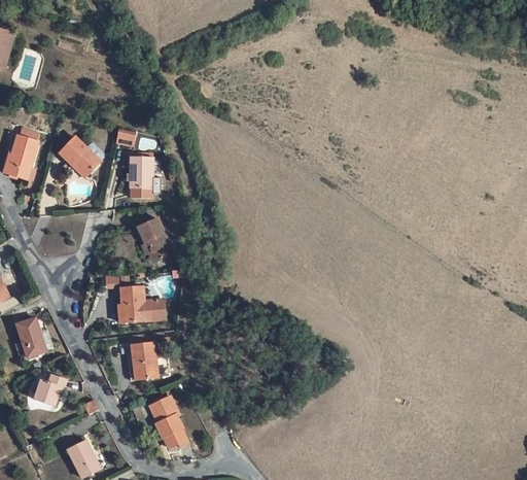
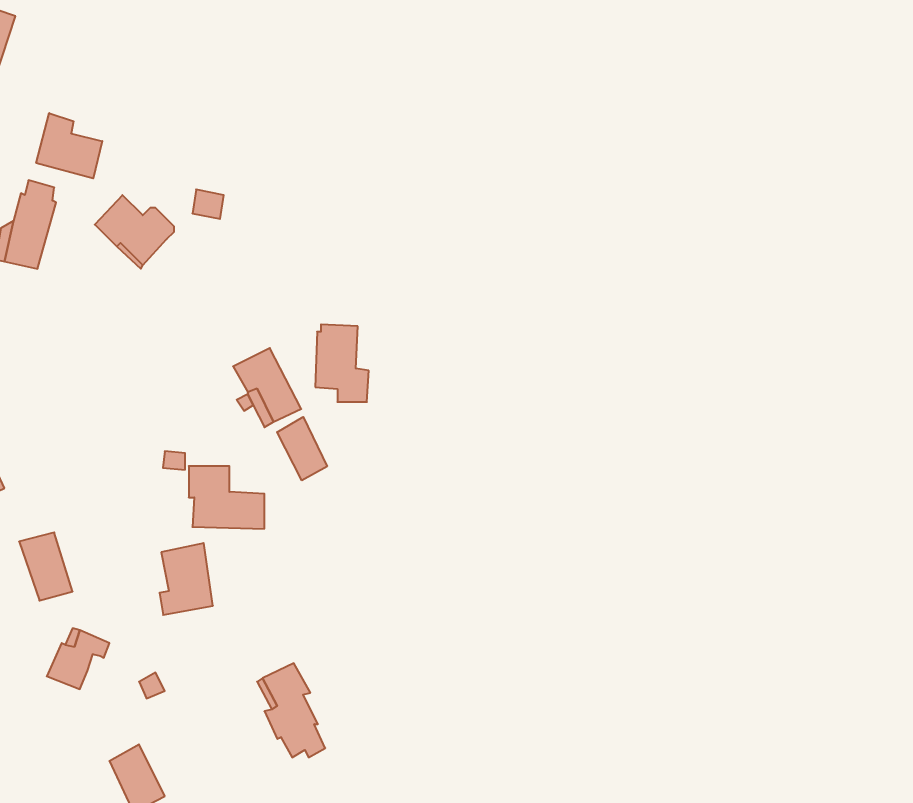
building: none -> [36,113,102,178]
building: [130,149,160,193] -> [315,324,369,402]
building: none -> [277,417,327,480]
building: [129,342,159,382] -> [159,543,213,615]

